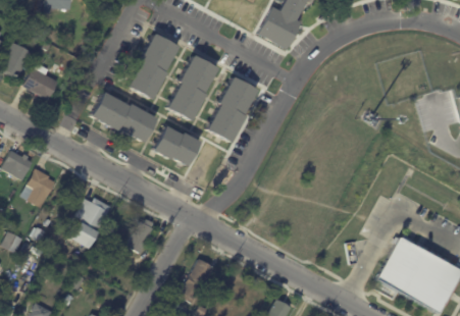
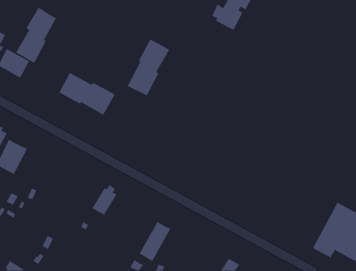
building: [130,34,175,96] -> [15,7,57,63]
building: [207,78,254,143] -> none
building: [155,126,200,165] -> none
building: [73,196,114,249] -> none

